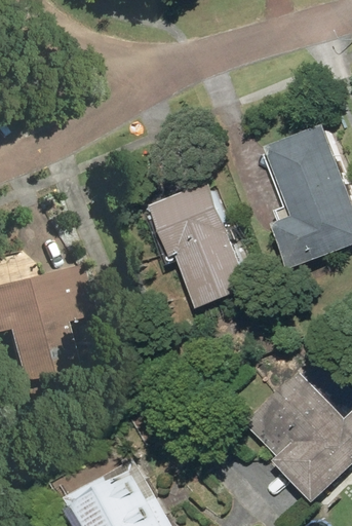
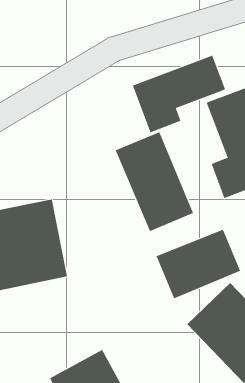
building: none -> [132,55,226,133]
building: none -> [156,229,241,299]

